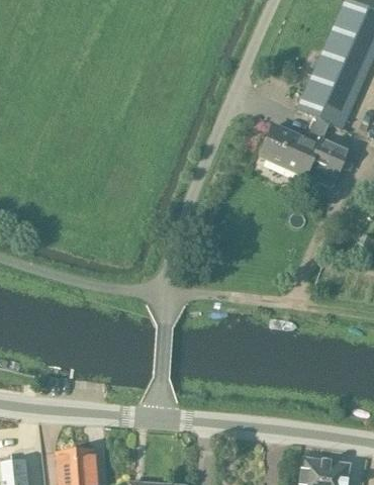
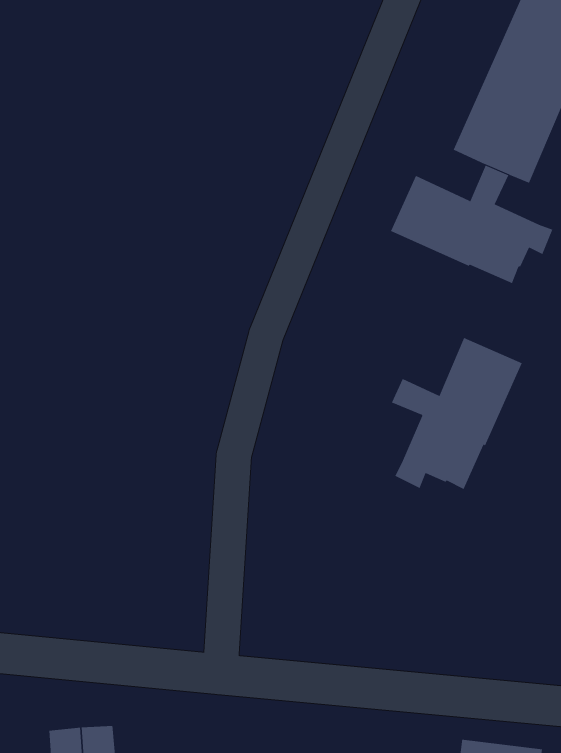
building: none -> [391,337,523,490]

